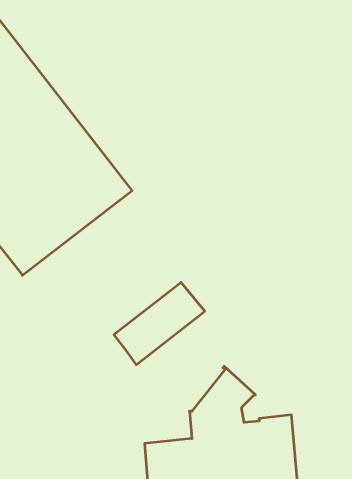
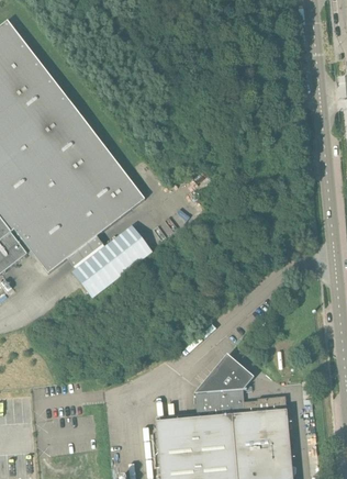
building: [114,282,205,365] -> [72,225,153,298]

